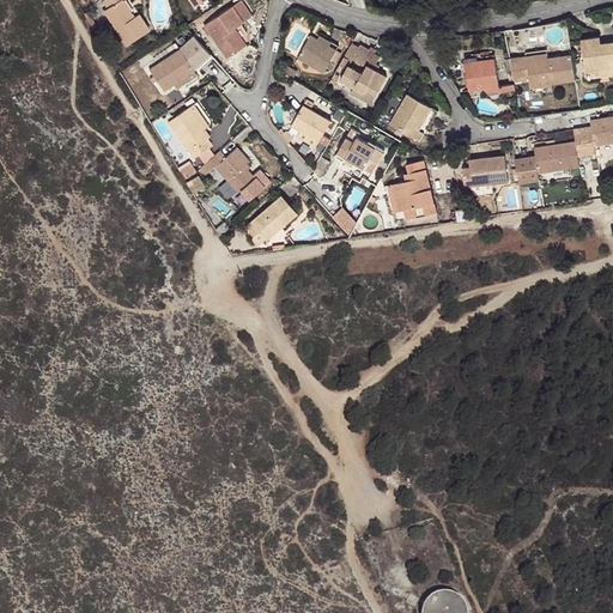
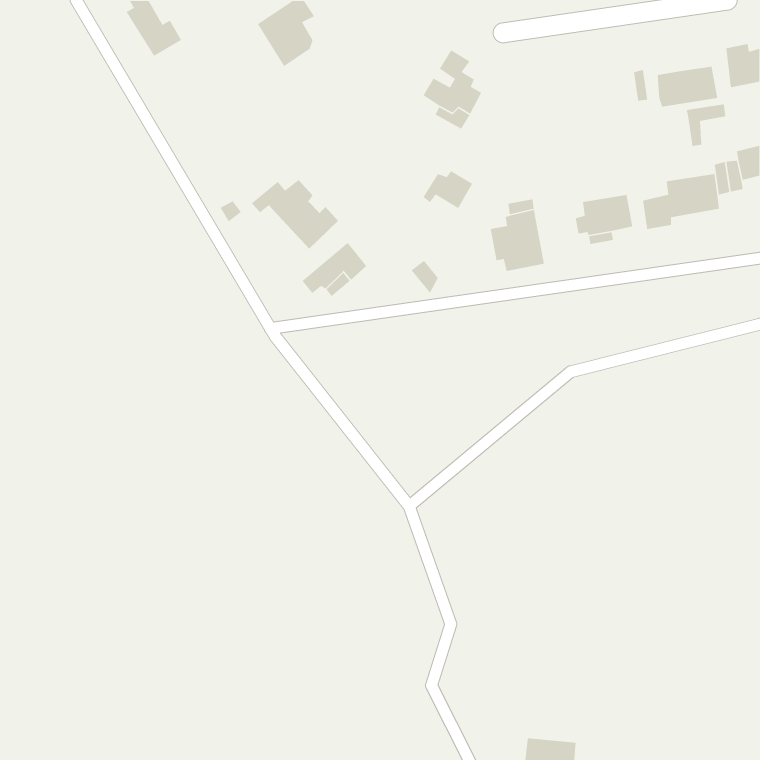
building: [293,28,338,69] -> none
building: [147,36,214,91] -> none
building: [515,48,547,83] -> [686,104,726,147]
building: [463,60,497,96] -> none
building: [390,92,433,140] -> none
building: [287,103,327,140] -> none
building: [170,107,214,157] -> none

